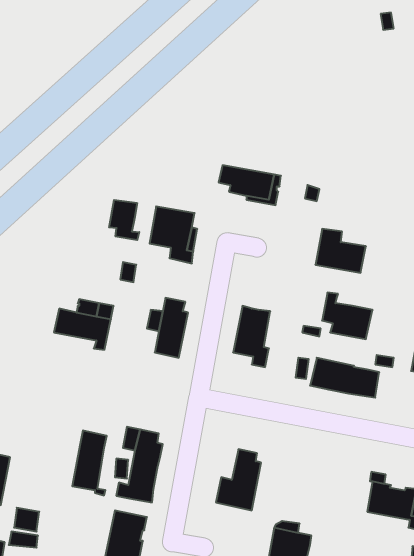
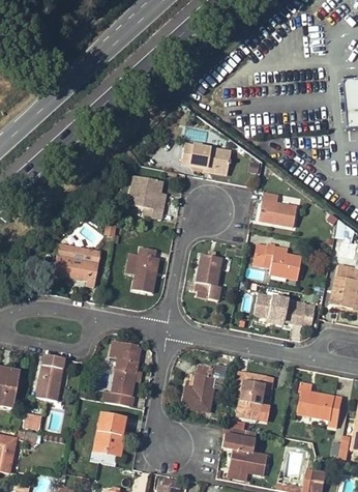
building: [109,200,139,240] -> none
building: [72,430,107,495] -> [36,354,63,405]
building: none -> [236,371,272,422]

